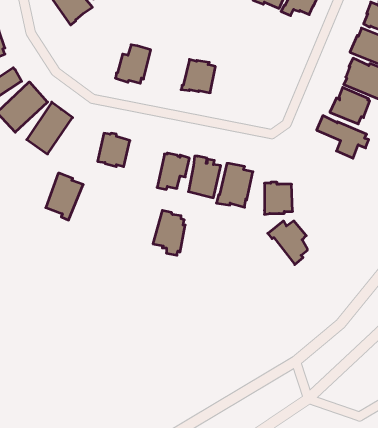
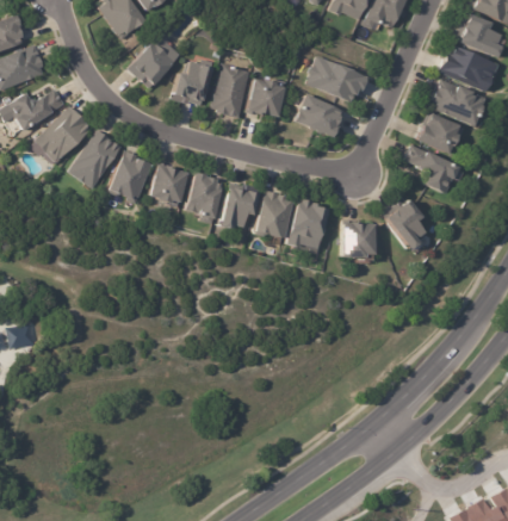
building: none -> [129,32,180,88]
building: none -> [304,56,366,103]
building: none -> [212,63,250,118]
building: none -> [295,93,341,137]
building: [46,173,83,220] -> [111,150,154,204]
building: [153,210,185,255] -> [185,173,222,224]
building: [268,221,307,265] -> [377,199,422,249]

